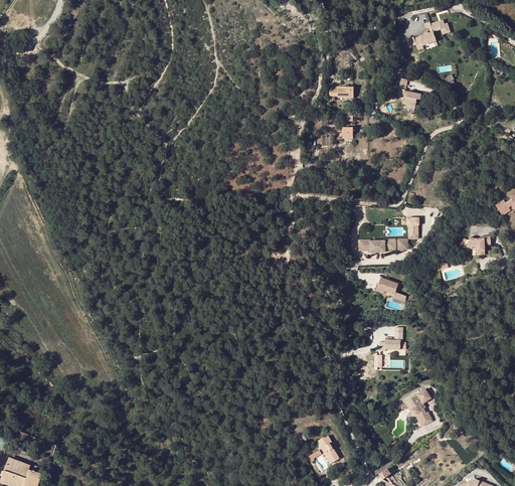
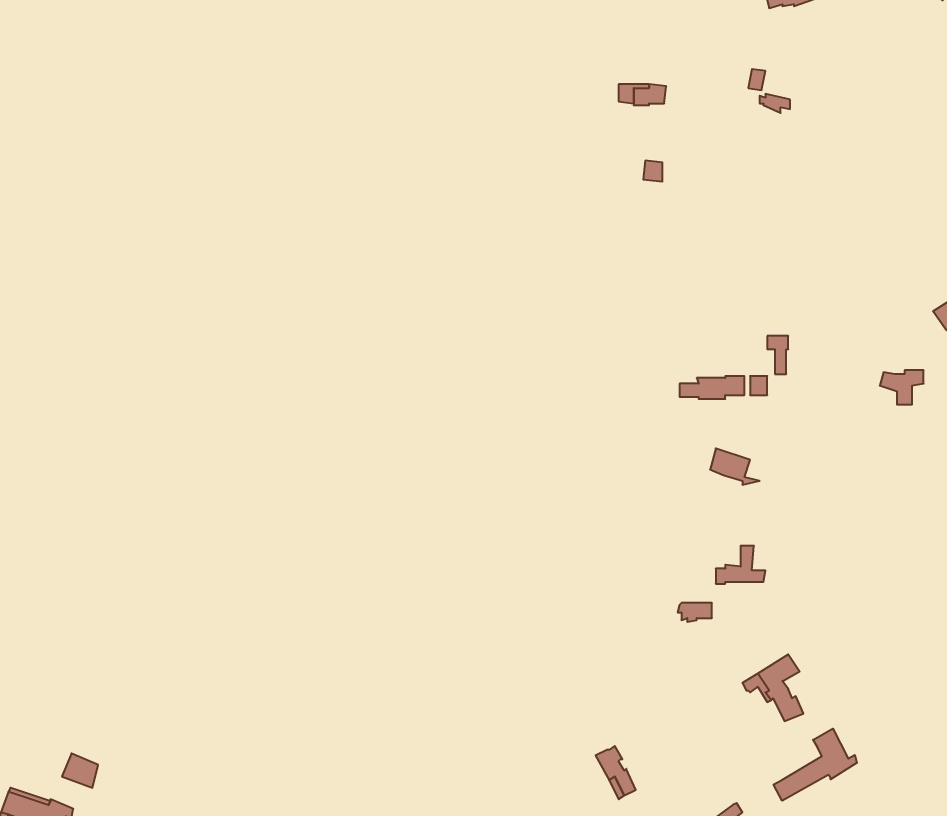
building: none -> [774,729,857,801]

